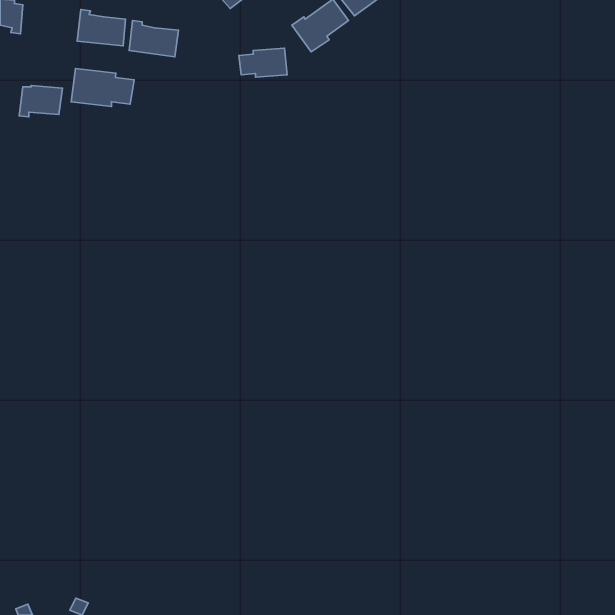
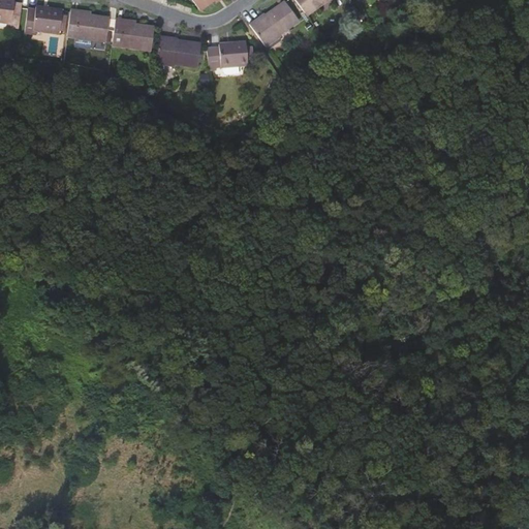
building: none -> [156,36,201,67]
building: [71,68,134,106] -> none
building: [19,86,63,117] -> [25,7,62,34]

